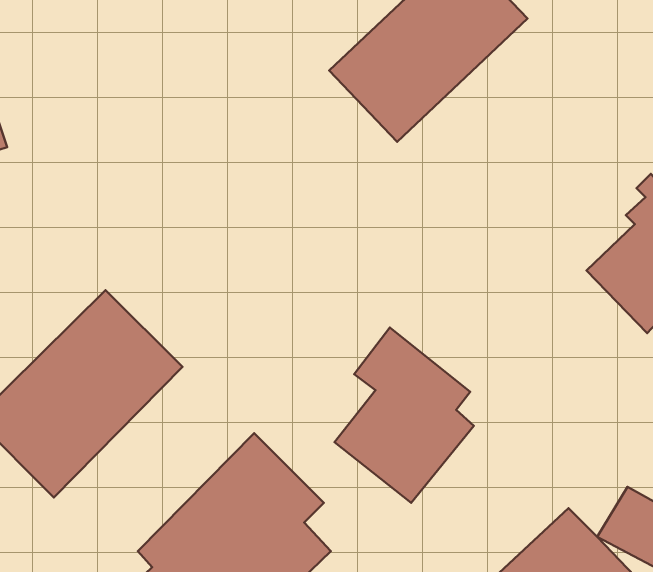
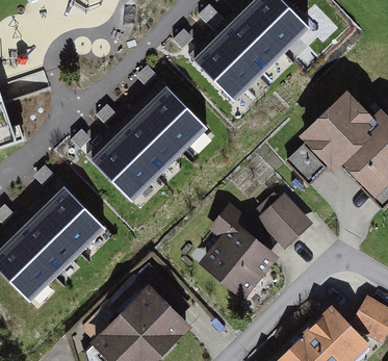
building: none -> [88,82,207,201]
building: none -> [283,96,377,184]
building: none -> [258,196,314,252]

